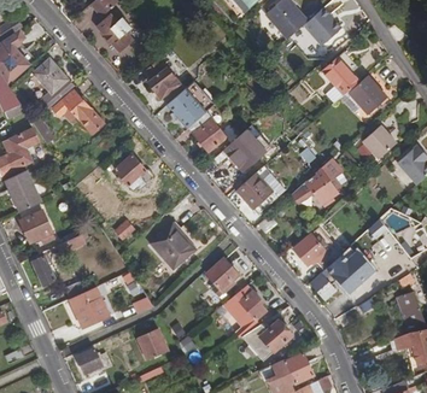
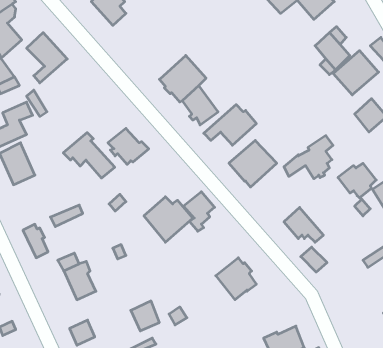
building: [145,59,179,98] -> none
building: [52,87,104,133] -> [63,133,115,178]
building: [21,210,54,245] -> none
building: [332,253,370,288] -> [338,163,376,198]
building: [206,258,238,298] -> [183,192,215,231]
building: [241,321,292,360] -> none

